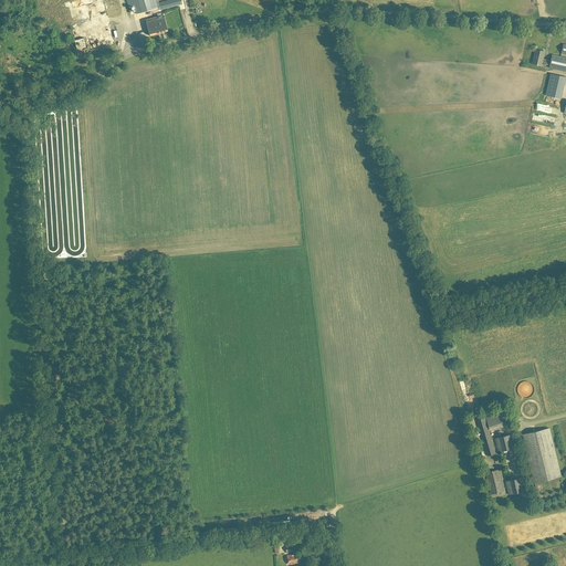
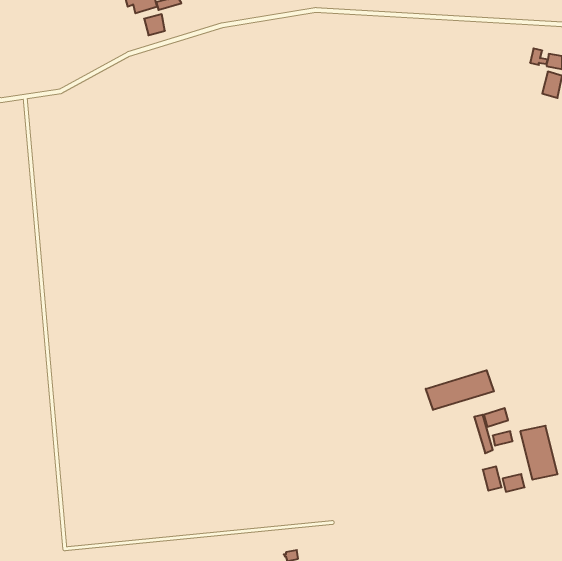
building: none -> [426,370,494,410]

